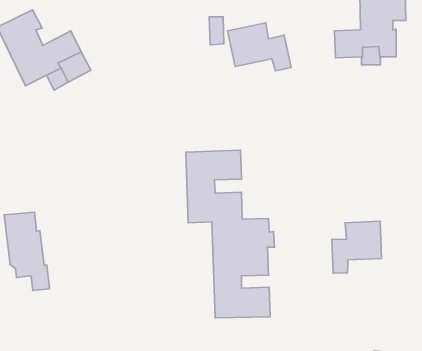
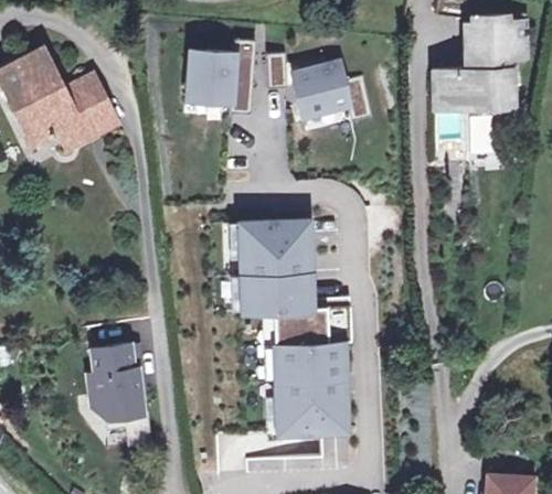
building: none -> [187,39,257,114]
building: [4,212,49,291] -> [92,352,149,451]
building: [332,221,382,273] -> none

